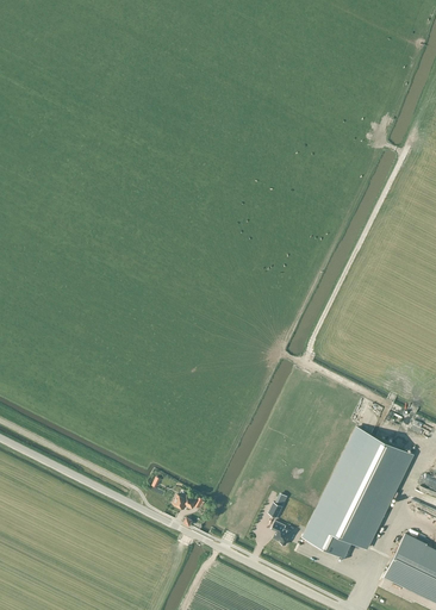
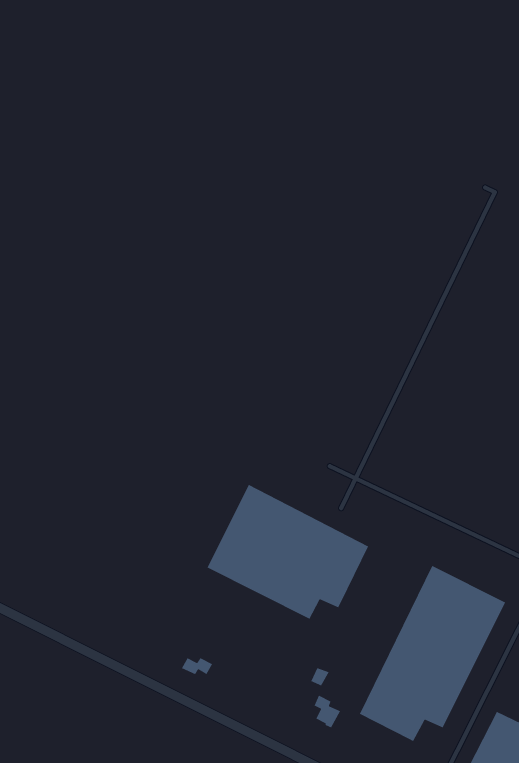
building: none -> [206,484,369,620]

